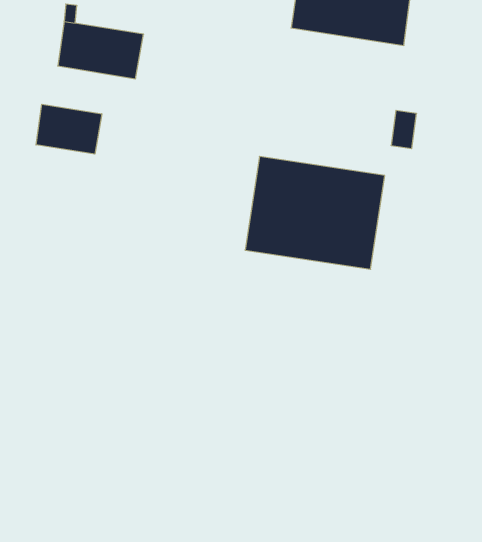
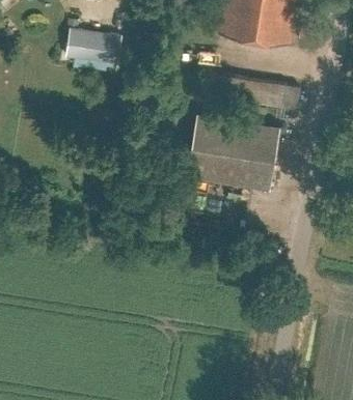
building: [36,104,102,154] -> none

